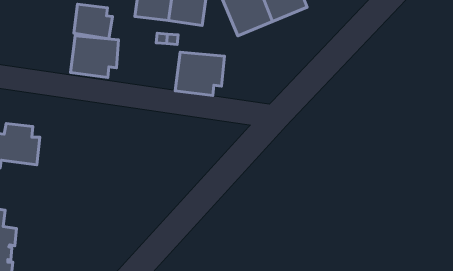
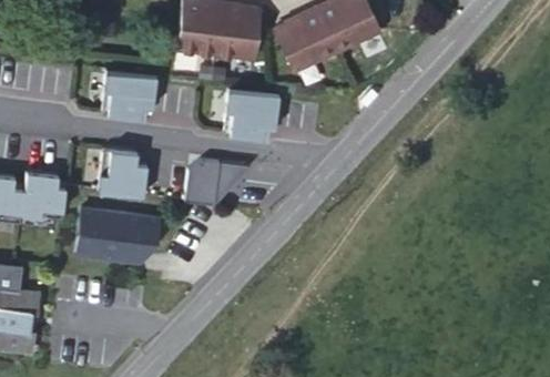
building: [74,4,113,39] -> none
building: none -> [98,147,146,196]
building: none -> [184,160,248,205]
building: none -> [77,207,159,258]

